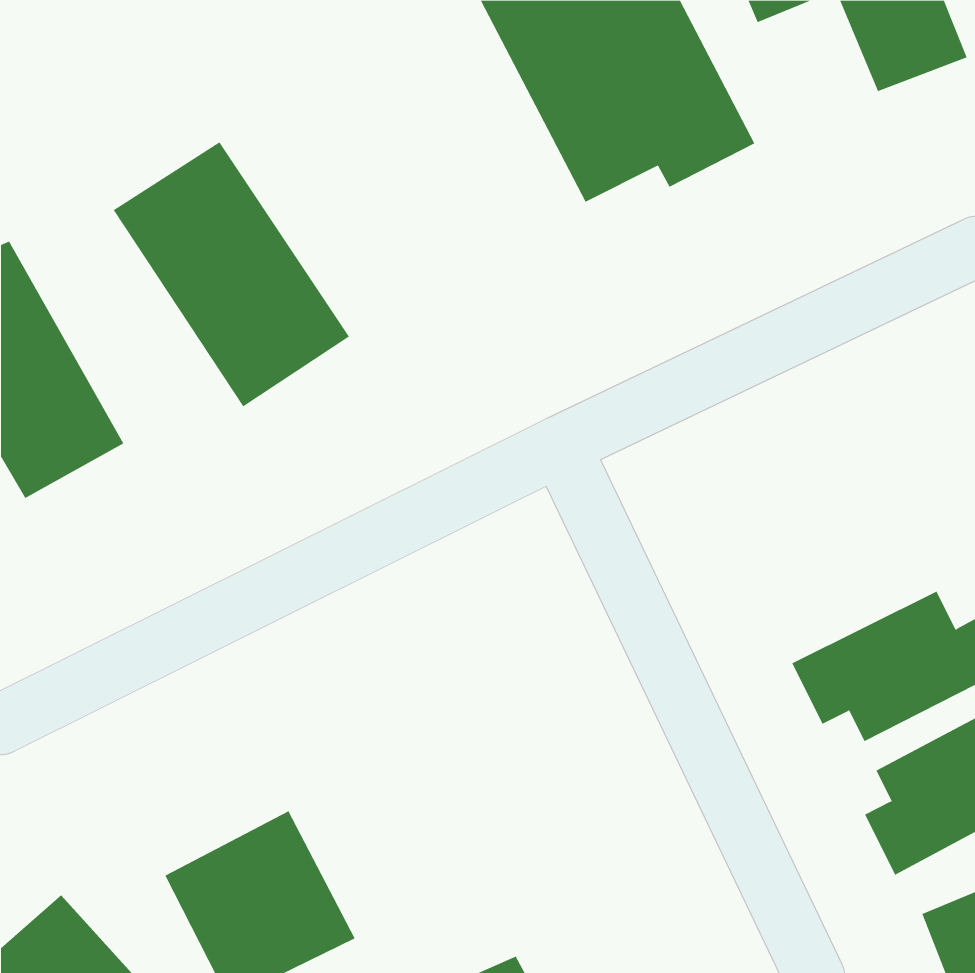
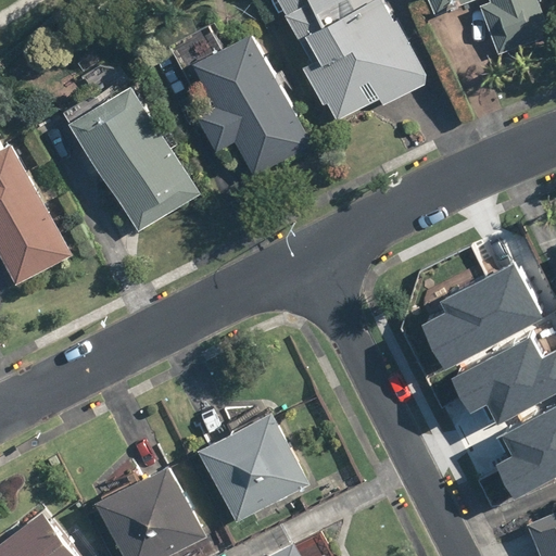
building: none -> [164,23,311,175]
building: none -> [421,267,542,371]
building: none -> [194,410,307,522]

